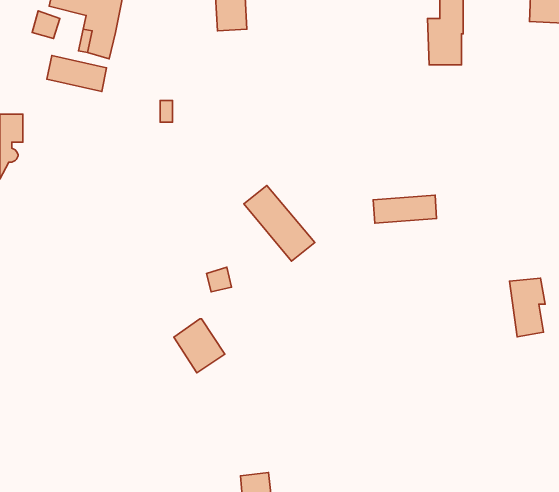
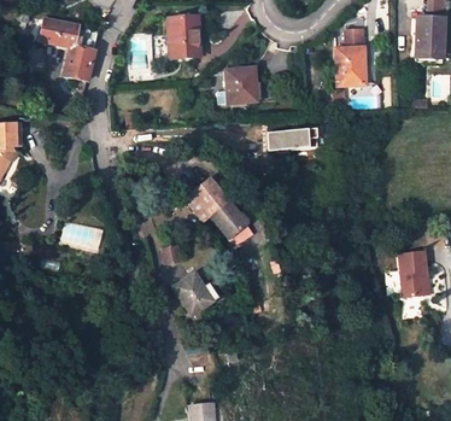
building: none -> [227,68,254,103]
building: [47,55,107,92] -> none
building: [373,195,437,223] -> [269,129,318,151]
building: [174,319,225,373] -> [174,273,213,315]

